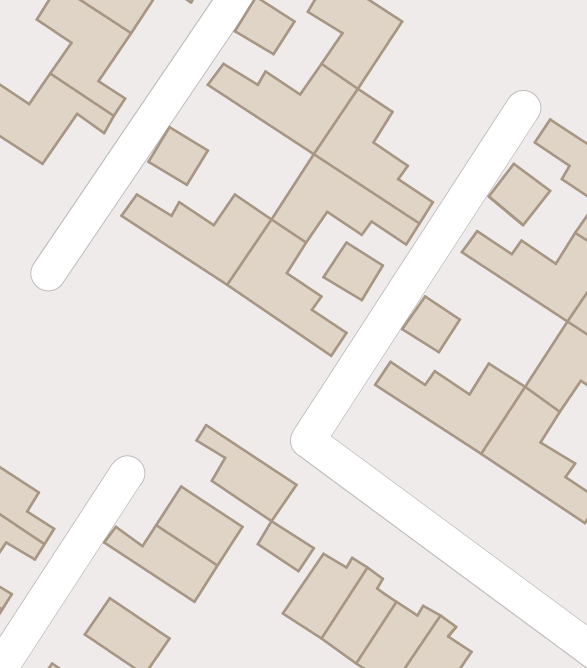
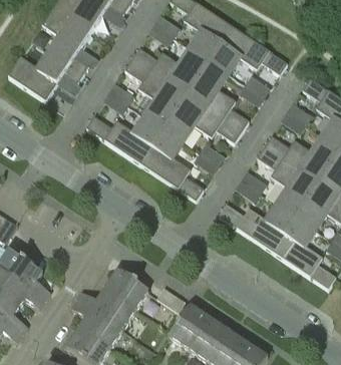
building: none -> [209,26,286,74]
building: none -> [123,59,186,129]
building: none -> [237,74,266,102]
building: none -> [256,146,318,217]
building: [196,425,296,521] -> [71,298,123,348]

